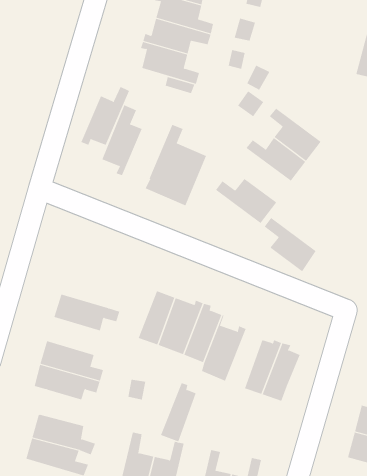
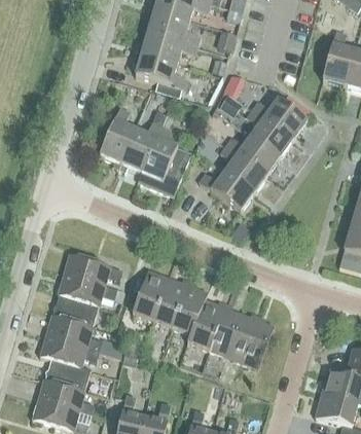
building: [81,86,130,146] -> [118,119,161,172]
building: none -> [253,99,308,139]
building: [264,217,316,272] -> [220,144,266,192]
building: none -> [64,254,122,285]
building: none -> [51,293,99,326]
building: [160,383,196,442] -> [209,303,241,356]
building: none -> [45,357,89,389]

